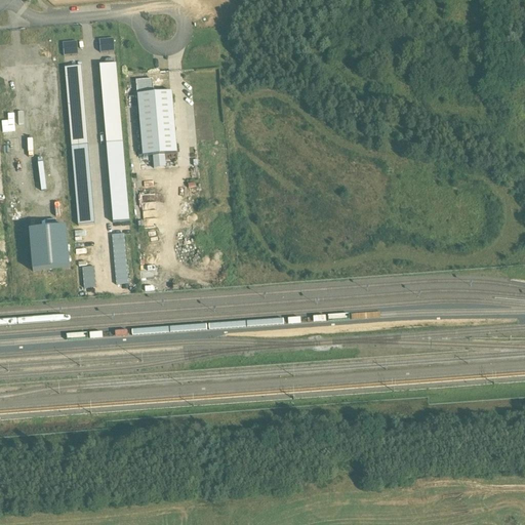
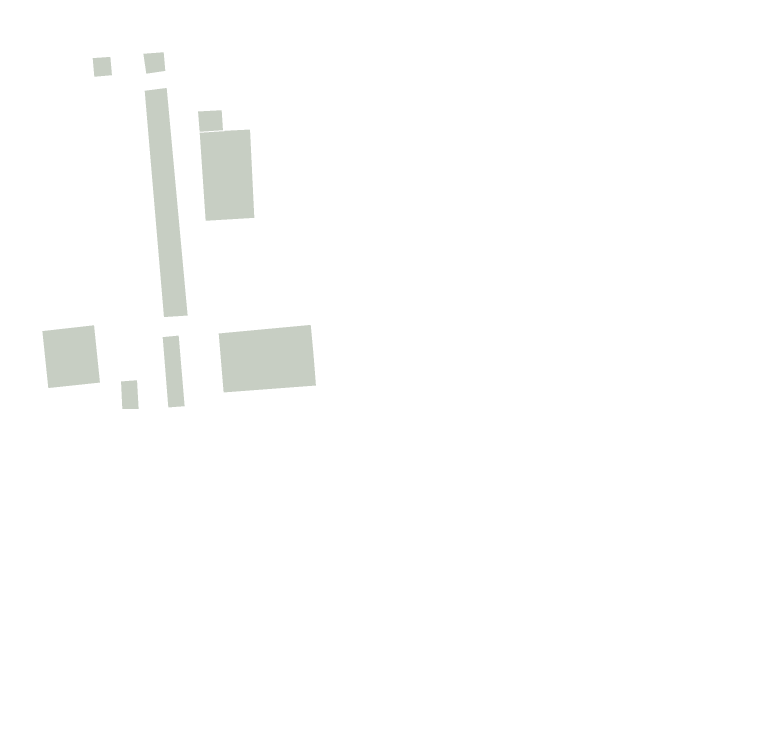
building: [64,63,95,223] -> none
building: none -> [218,324,317,393]

